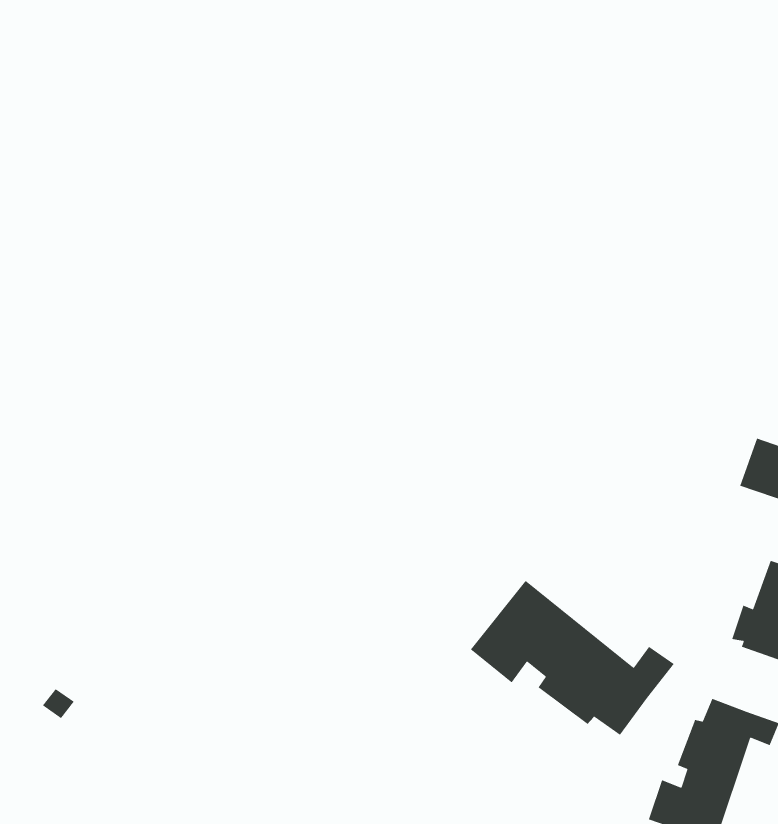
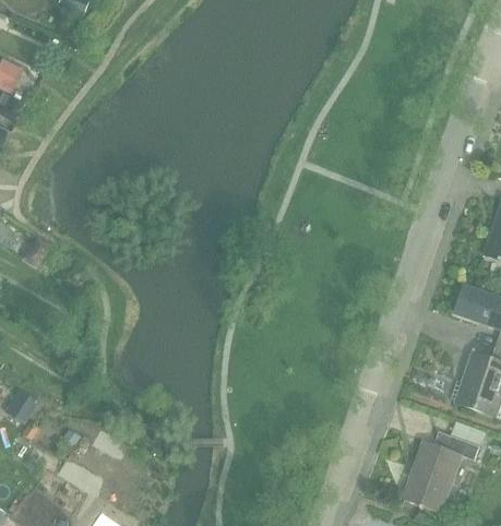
building: [470,580,675,736] -> none

